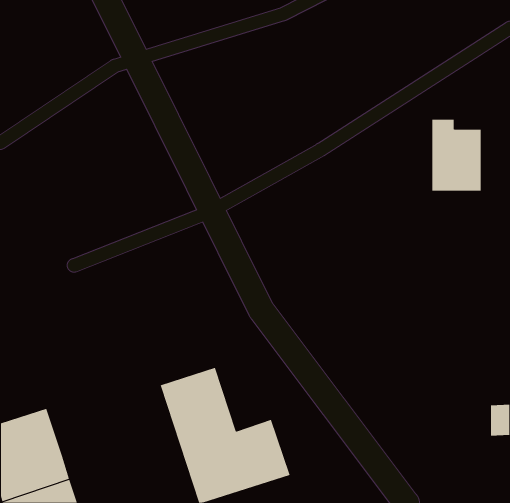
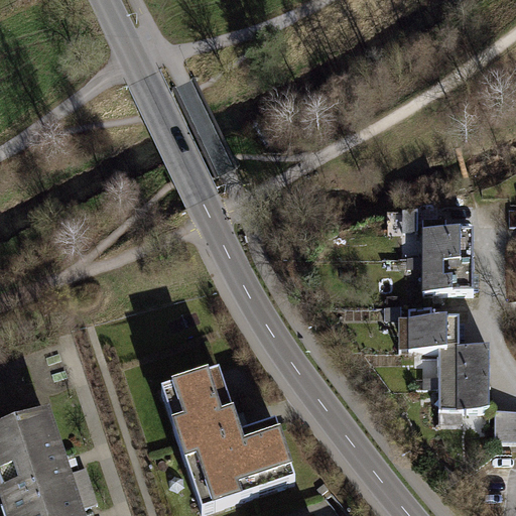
building: [432,119,482,191] -> [423,219,474,291]
building: none -> [409,306,490,408]

